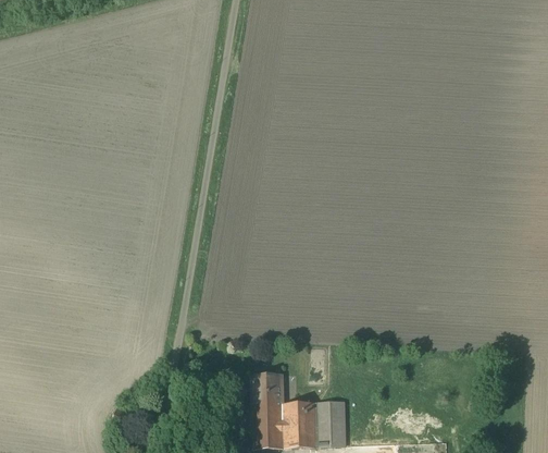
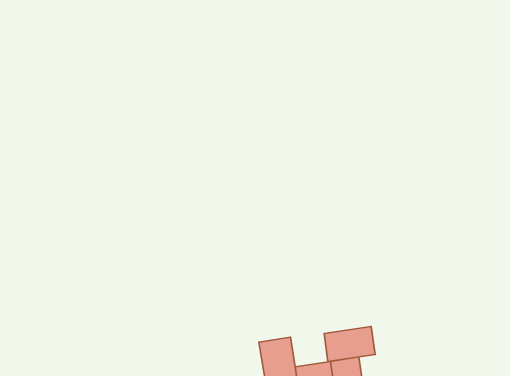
building: none -> [324,327,375,361]

